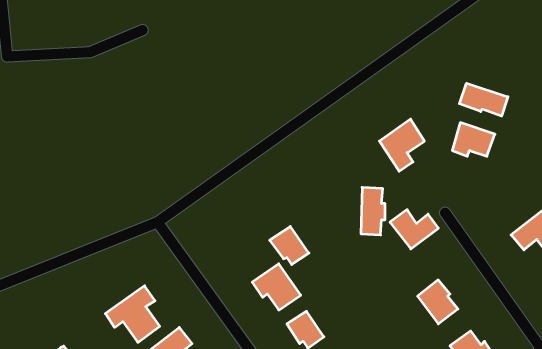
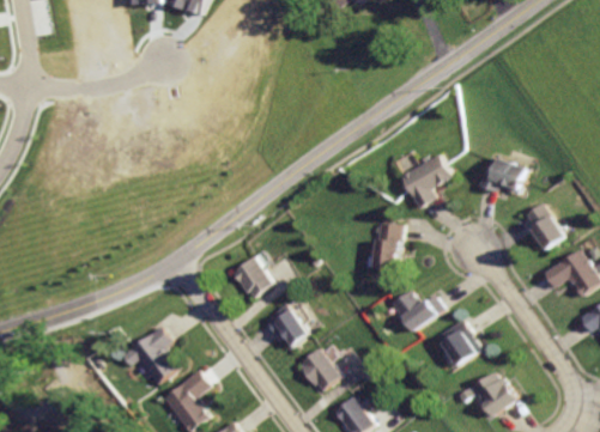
building: [459,83,508,116] -> none
building: none -> [519,202,562,249]
building: [390,210,438,249] -> [396,293,447,334]
building: [270,226,309,265] -> [235,260,275,299]

